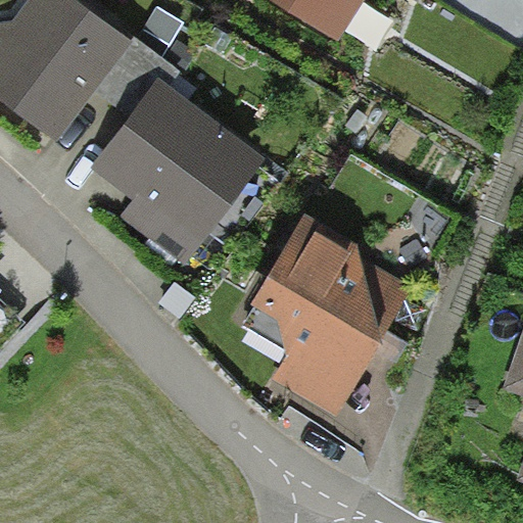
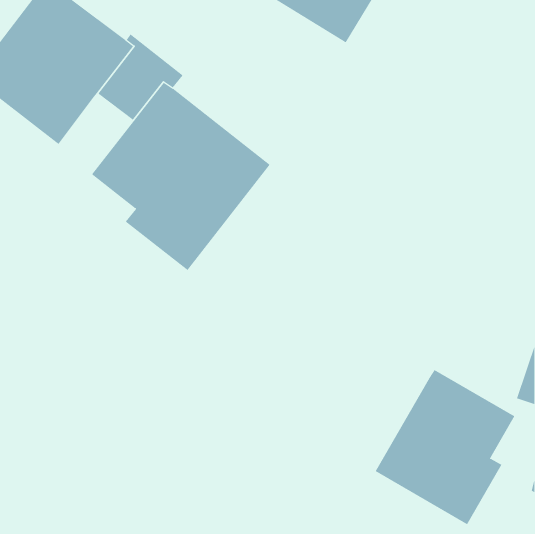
building: [251,212,413,415] -> none
building: none -> [375,369,515,525]

